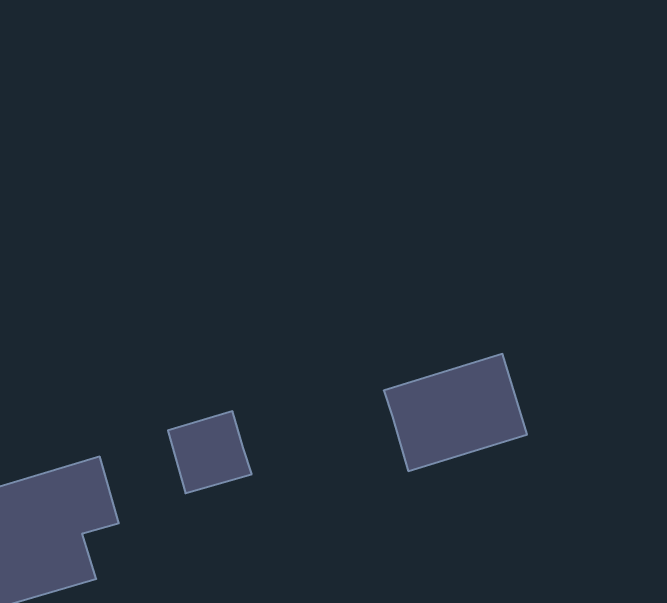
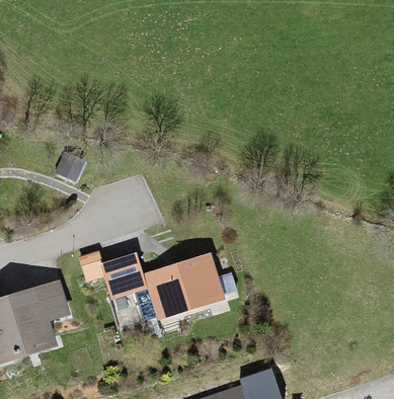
building: [384,354,527,471] -> [144,252,227,320]

